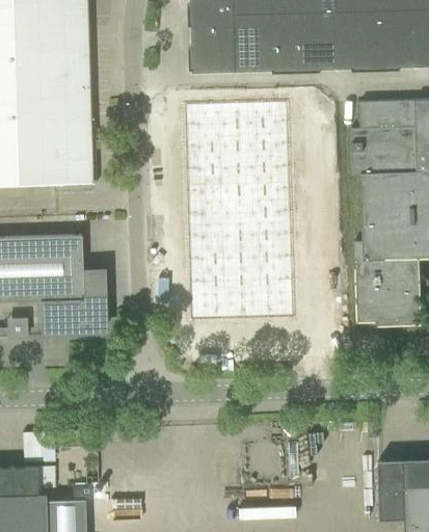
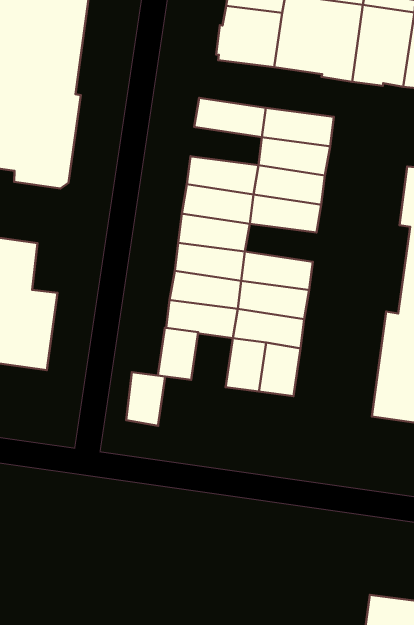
building: [185,125,239,149] -> none
building: [240,190,293,214] -> none
building: [216,282,243,320] -> [126,372,165,426]

